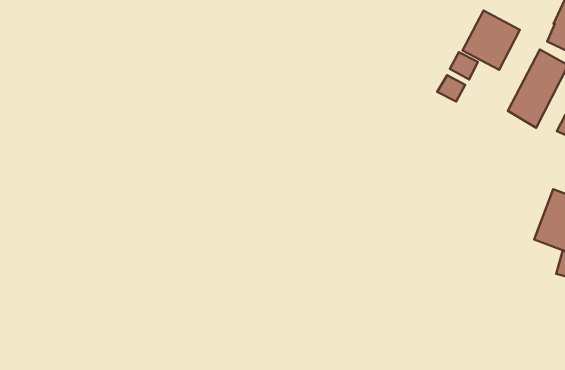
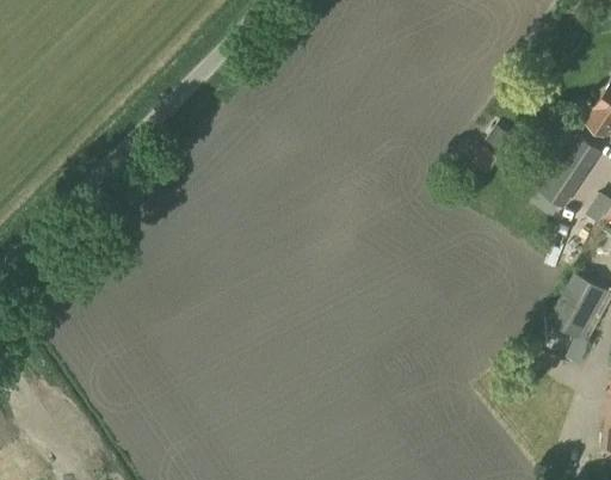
building: [462,11,520,70] -> none

